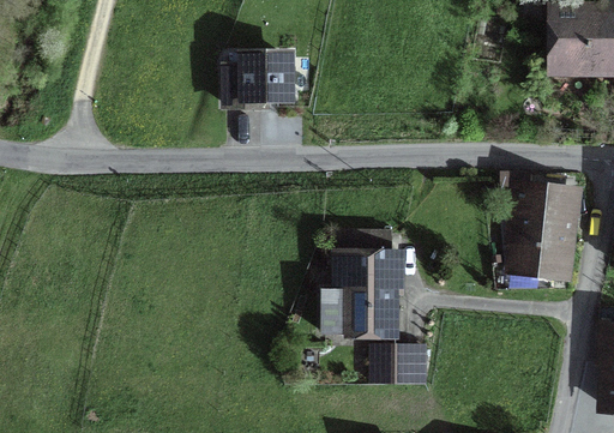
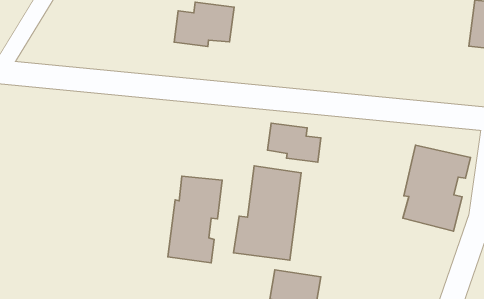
building: none -> [268,123,321,162]
building: none -> [168,176,222,263]

